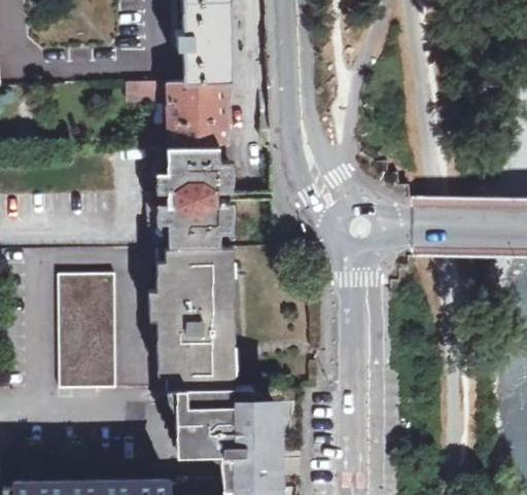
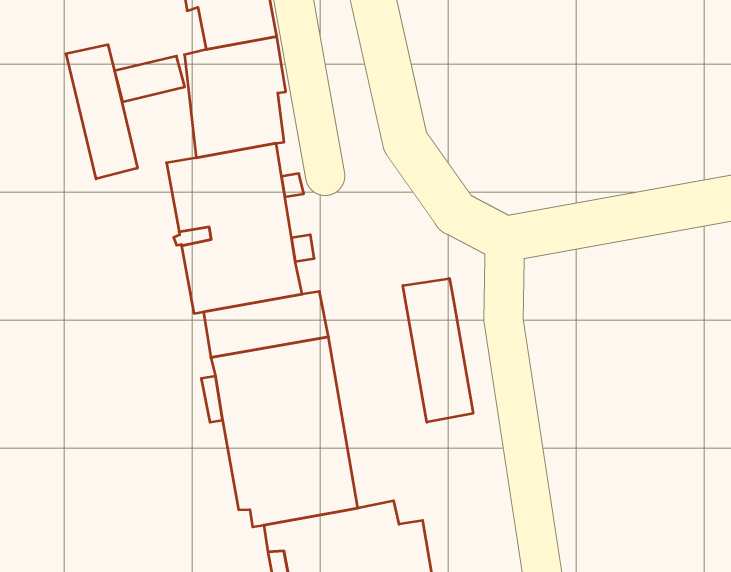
building: none -> [66,45,137,179]
building: none -> [403,278,473,422]
building: [61,274,119,390] -> none

